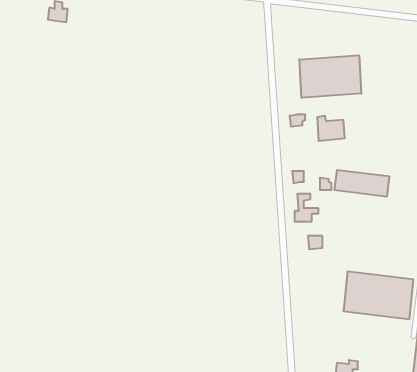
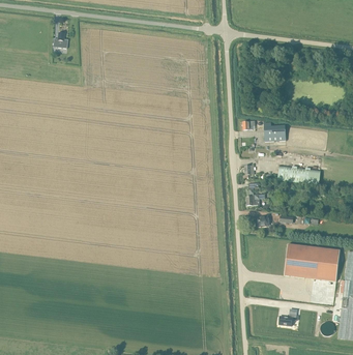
building: [299,55,361,98] -> none

